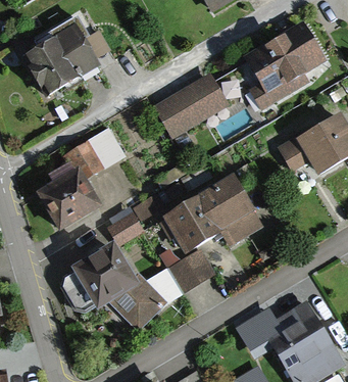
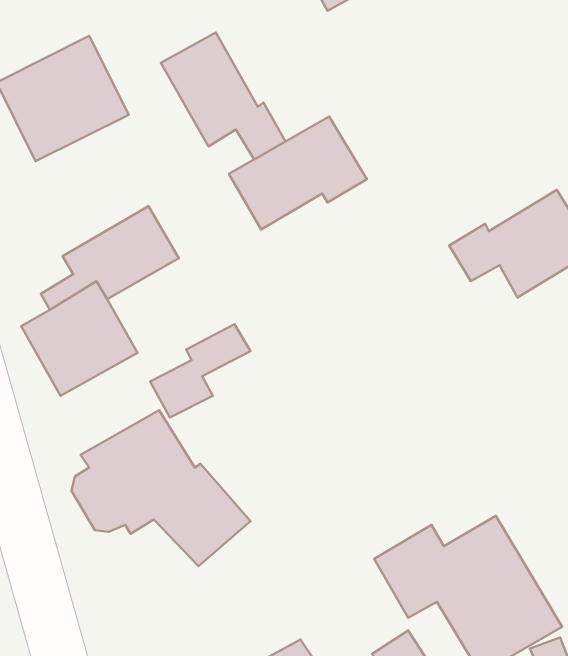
building: [245,21,328,108] -> none
building: none -> [161,33,286,160]
building: [160,175,262,289] -> none

